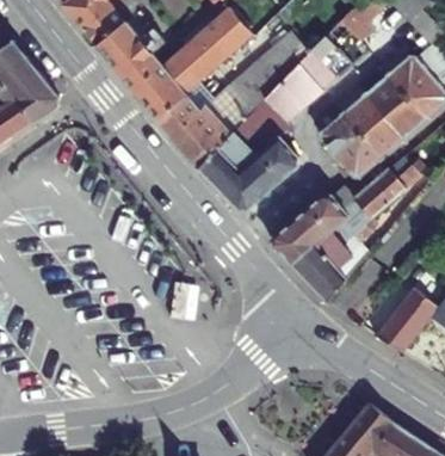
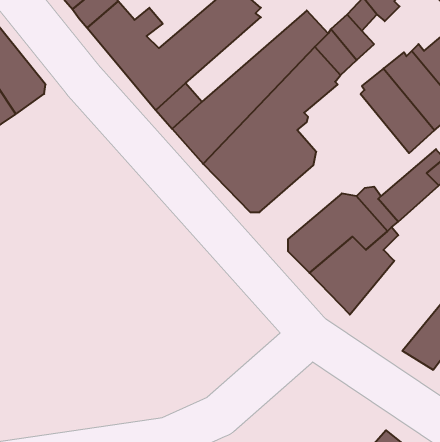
building: [316,104,382,178] -> none

